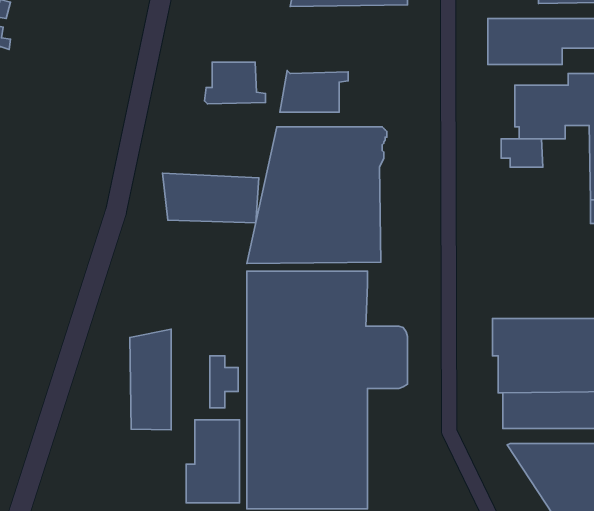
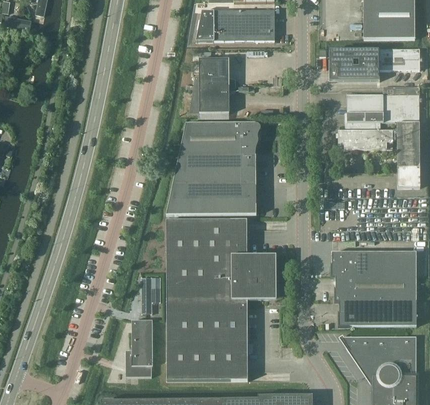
building: [205,62,266,104] -> [194,58,235,86]
building: none -> [365,130,392,149]
building: [162,173,259,223] -> none
building: [130,329,171,430] -> none

